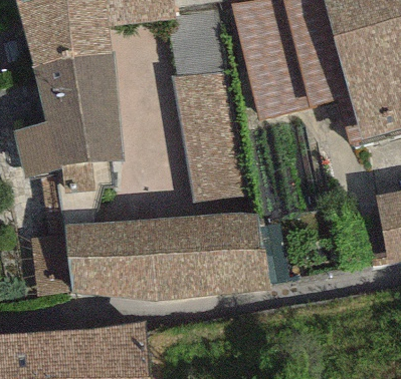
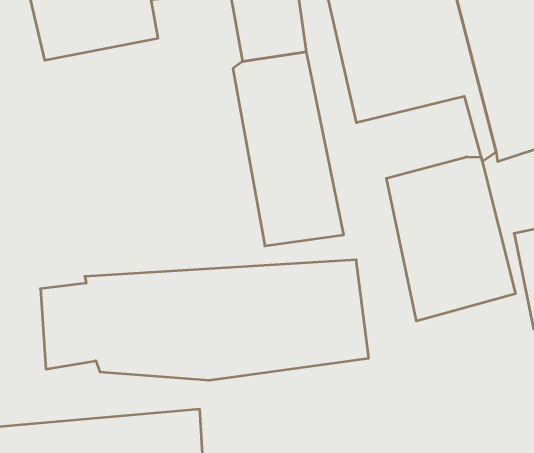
building: [14,55,127,176] -> none
building: none -> [386,157,515,321]

